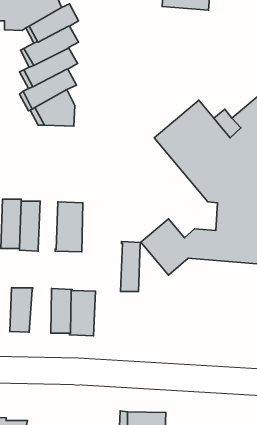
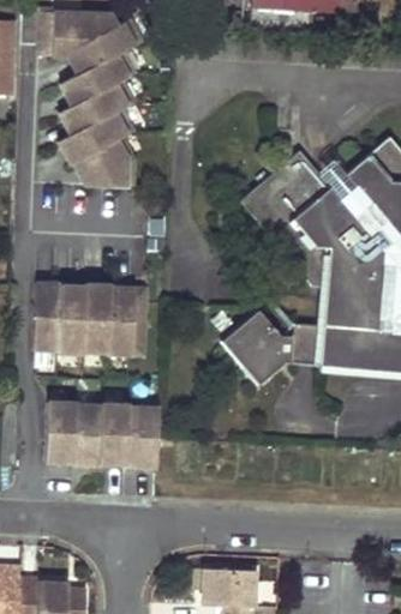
building: [121,242,141,292] -> [83,284,110,351]
building: none -> [71,405,101,465]

